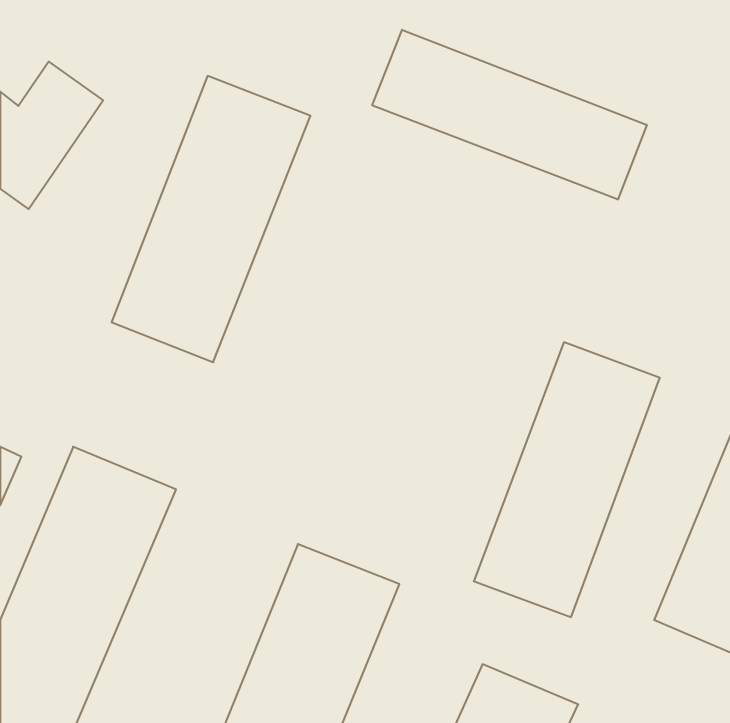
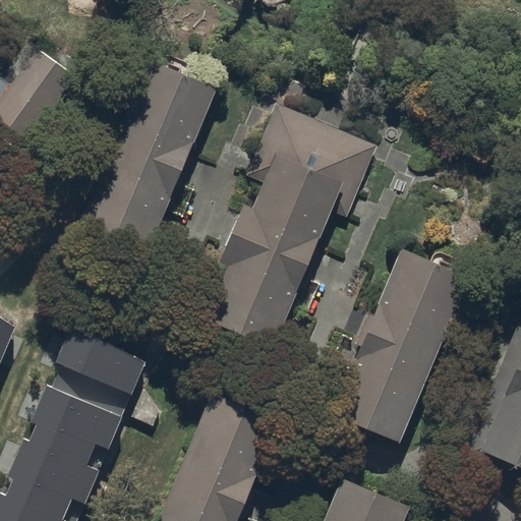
building: [372,30,647,200] -> none
building: none -> [207,106,378,346]

